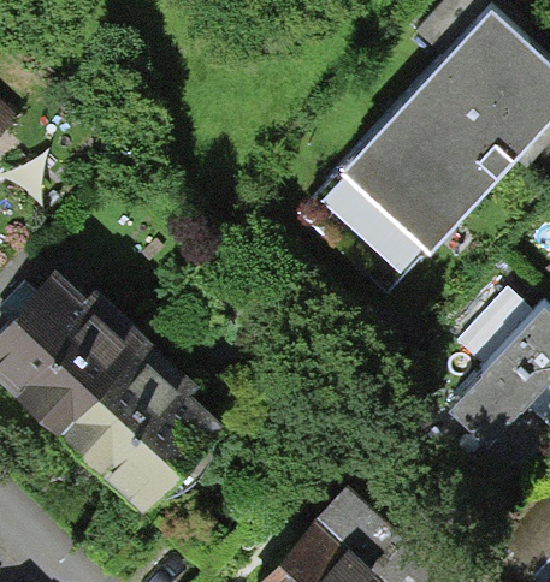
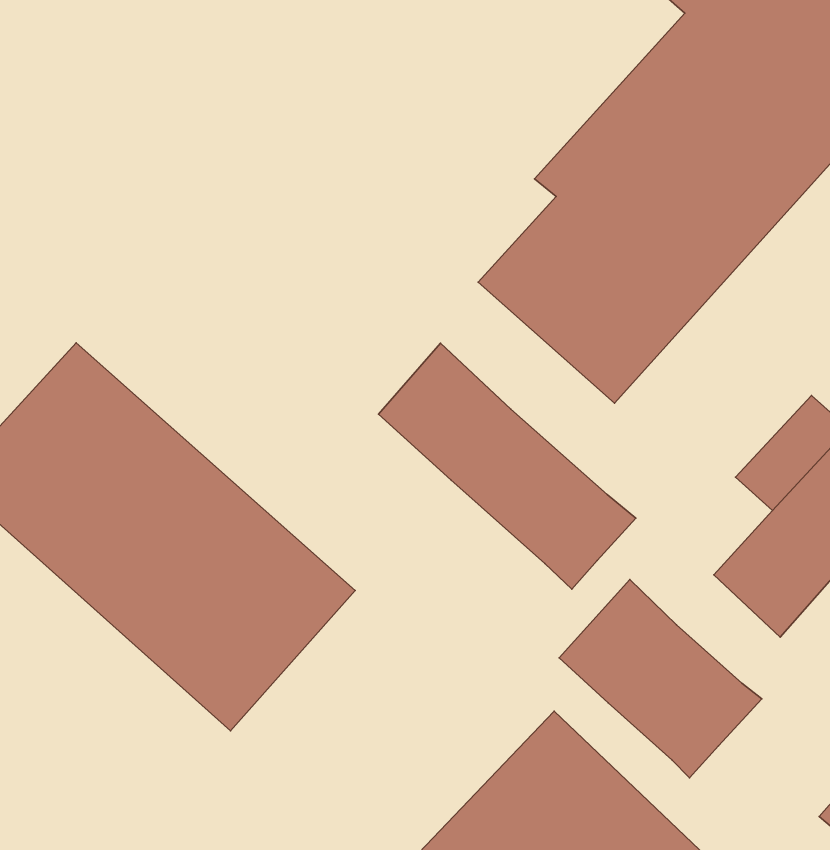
building: none -> [378,343,636,589]
building: none -> [559,579,762,778]

